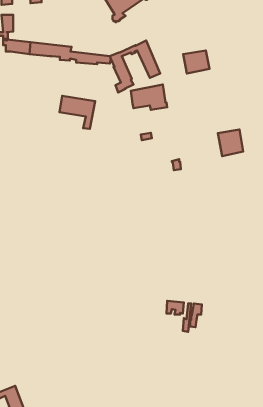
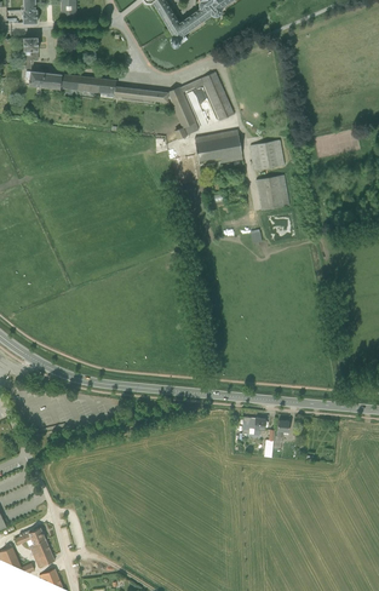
building: [183,51,210,73] -> [248,140,283,171]
building: [60,96,95,129] -> none
building: [218,130,243,156] -> [254,176,288,211]

